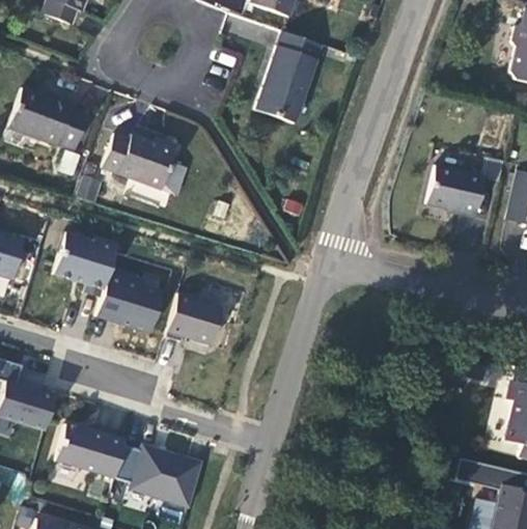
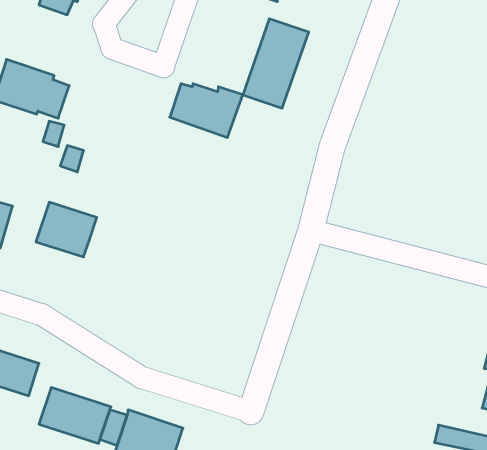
building: [101,133,175,188] -> [170,84,243,137]
building: [433,164,491,216] -> none
building: [91,270,166,332] -> none
building: [164,294,219,345] -> none

